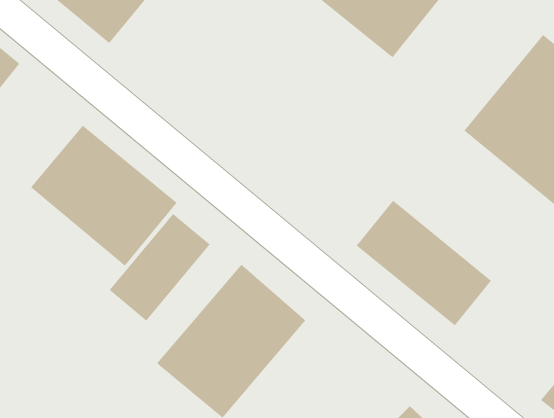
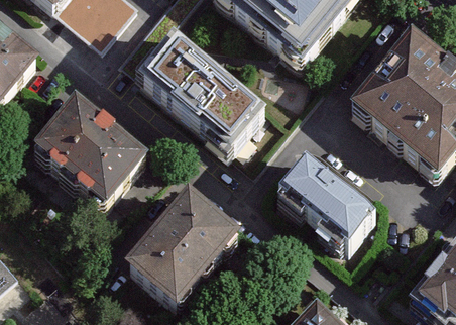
building: none -> [132,25,273,158]
building: [109,213,210,321] -> none

